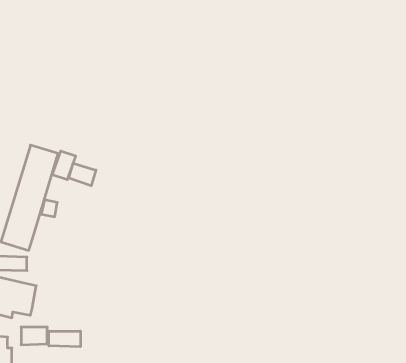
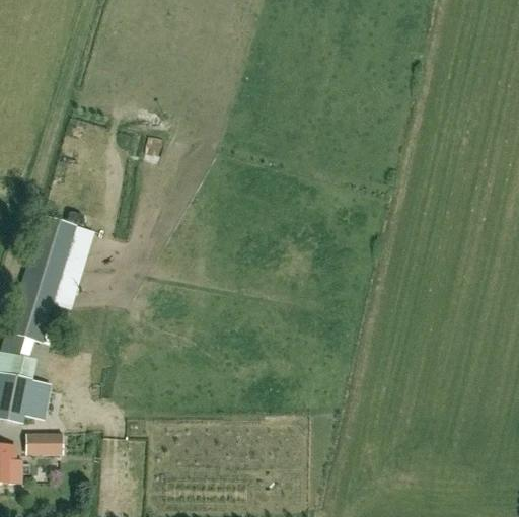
building: [69,163,96,186] -> none
building: [49,331,80,347] -> none

